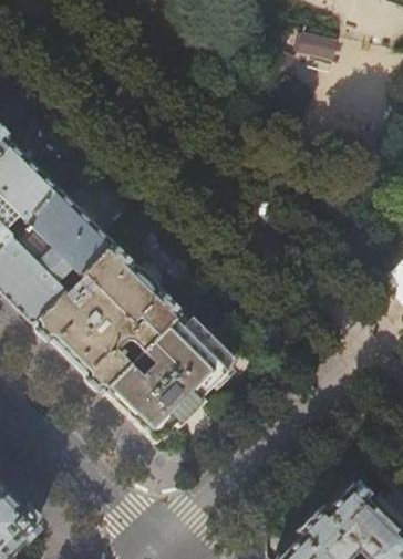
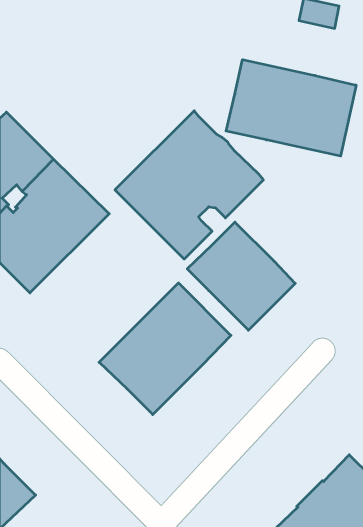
building: none -> [226,60,356,156]
building: [33,245,180,392] -> [115,111,263,259]
building: none -> [187,222,295,330]

